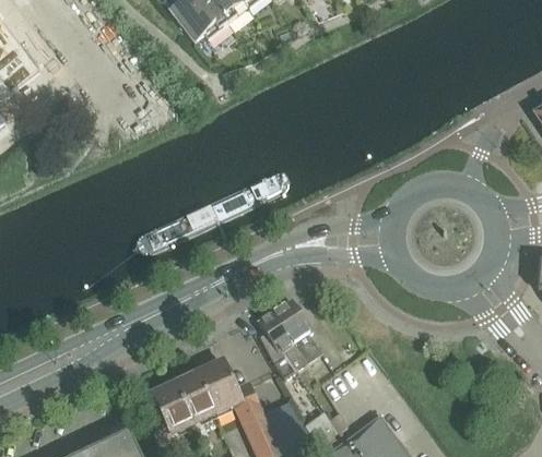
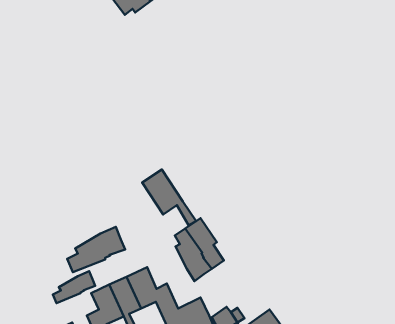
building: none -> [142,169,196,225]
building: none -> [67,227,125,272]
building: none -> [53,271,95,303]

